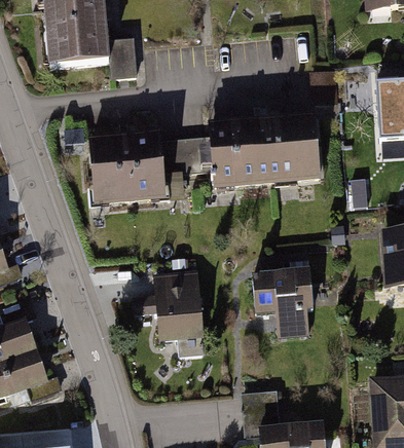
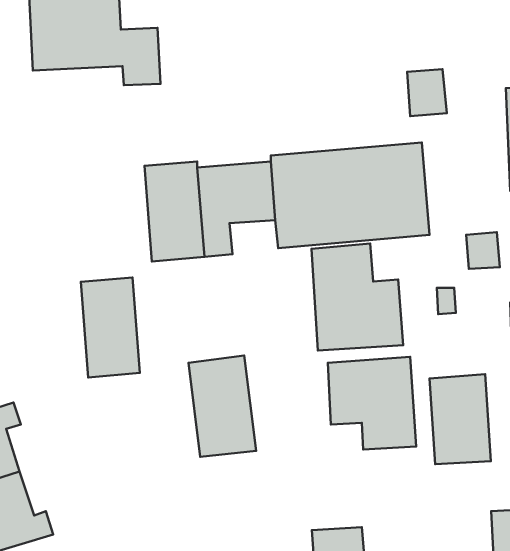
building: [89,135,131,204] -> [81,277,140,377]
building: none -> [311,243,403,351]
building: none -> [430,374,491,464]

